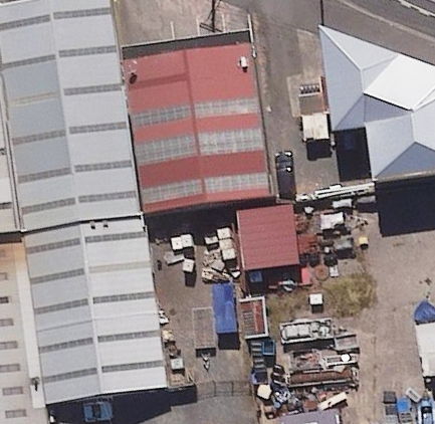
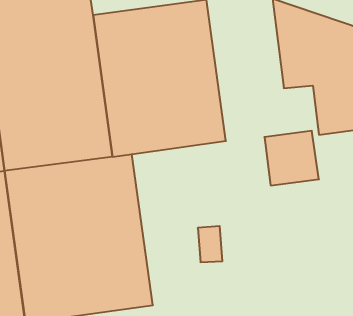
building: [230,201,292,263] -> [264,131,319,185]

